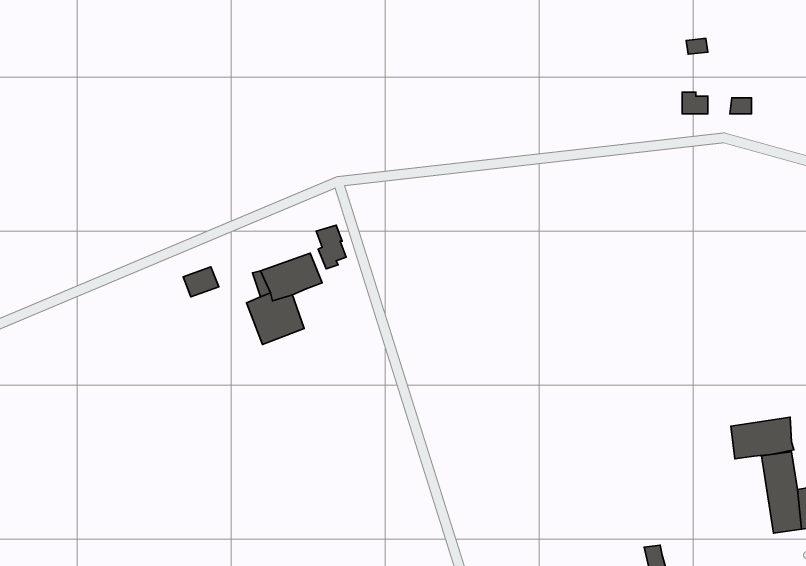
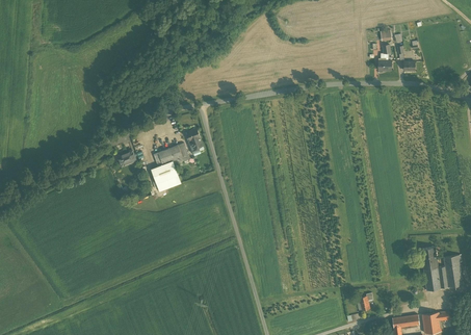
building: [731,417,794,459] -> none

